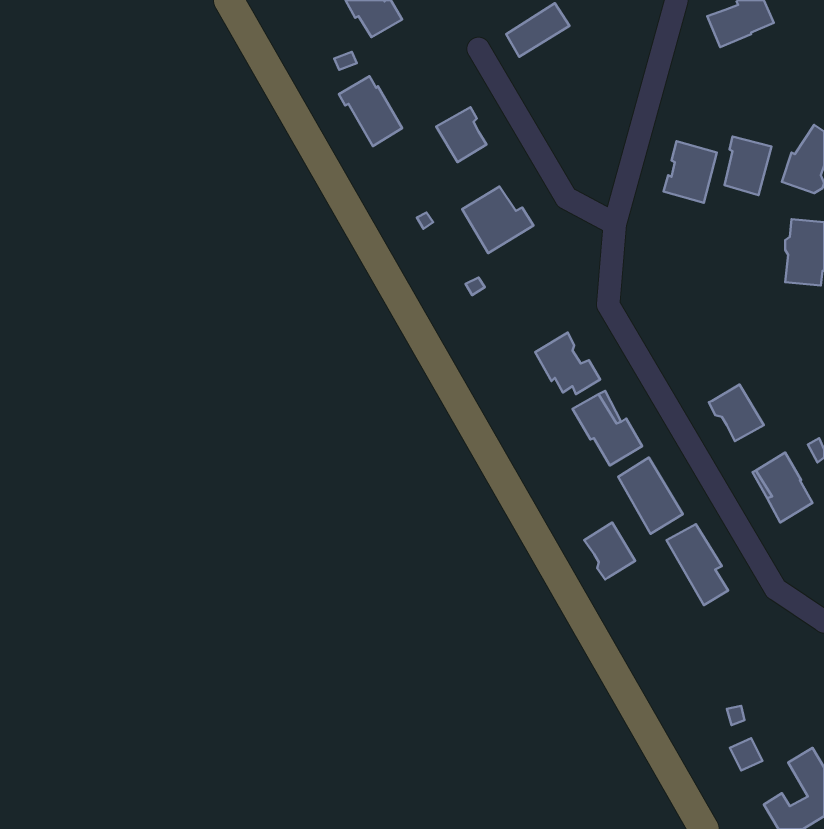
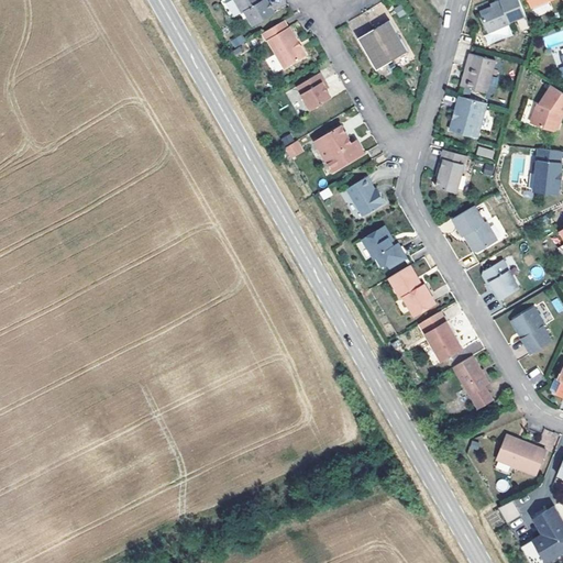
building: none -> [357,20,406,69]
building: [339,76,402,146] -> [262,20,305,67]
building: [724,137,772,195] -> [463,53,495,92]
building: none -> [435,150,466,192]
building: none -> [344,177,384,217]
building: none -> [452,206,497,251]
building: [584,522,635,579] -> none
building: none -> [496,438,545,476]

